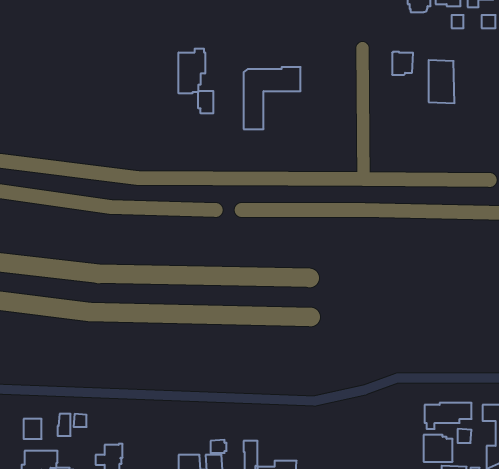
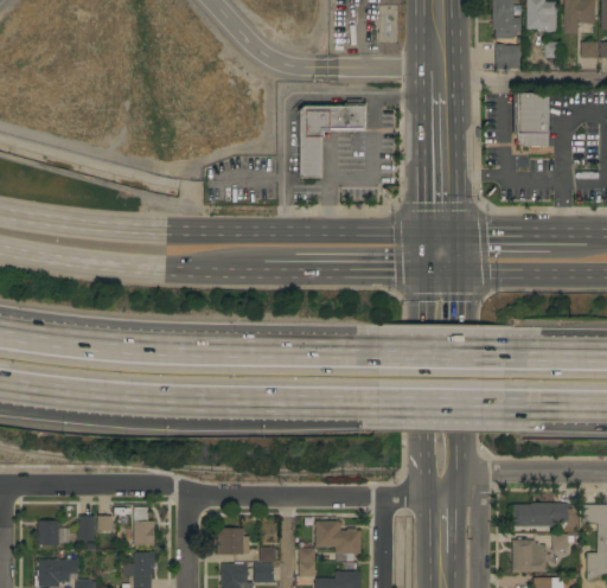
building: [179,49,213,113] -> none
building: [392,52,413,75] -> [496,44,520,71]
building: none -> [134,507,155,545]
building: none -> [315,522,360,561]
building: none -> [217,529,250,555]

